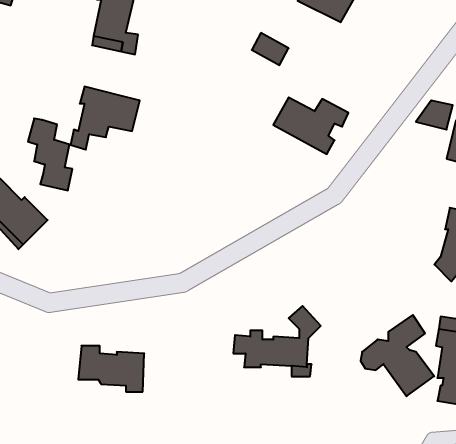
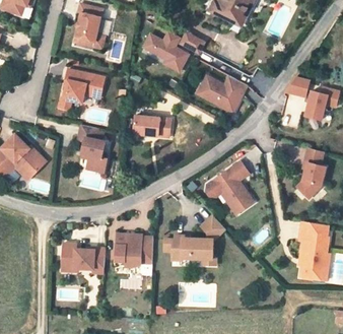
building: none -> [140,34,185,73]
building: [28,118,72,190] -> [74,121,104,169]
building: none -> [132,114,169,137]
building: [361,315,434,396] -> [206,163,255,217]
building: none -> [116,228,153,261]

